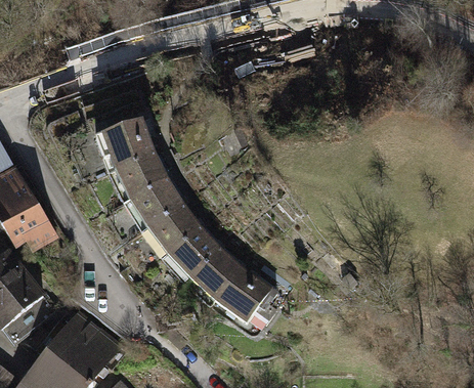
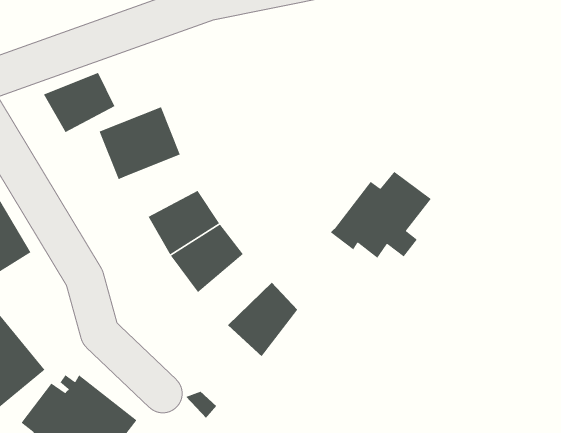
building: [114,152,167,197] -> [43,72,115,133]
building: [167,224,221,276] -> none
building: [211,258,286,322] -> [330,171,432,259]

